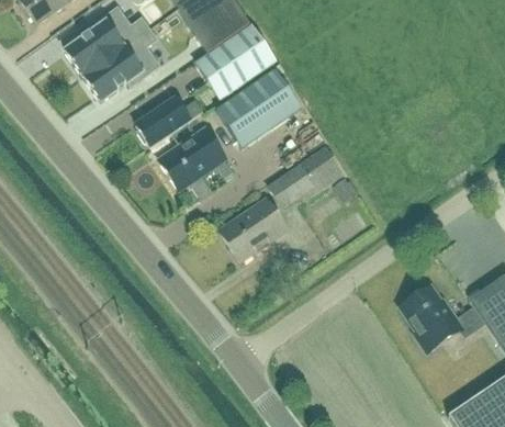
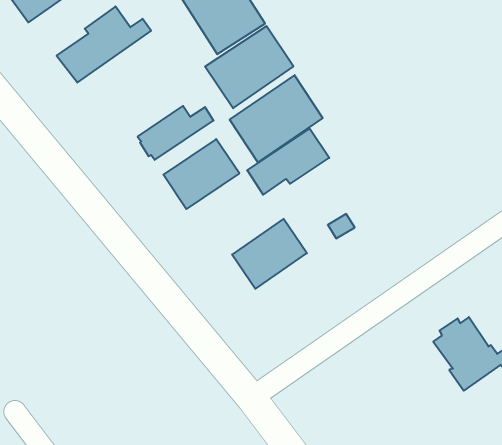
building: [85,27,161,100] -> none
building: [270,147,344,206] -> [247,128,329,195]

